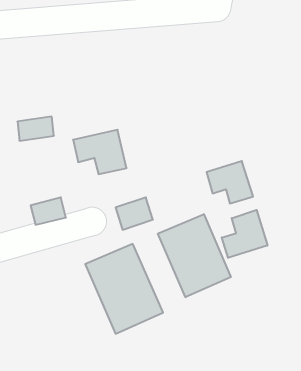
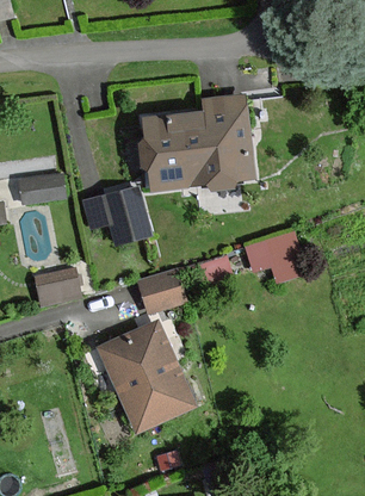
building: none -> [144,98,254,186]
building: [222,210,267,258] -> none
building: [158,214,231,297] -> none

